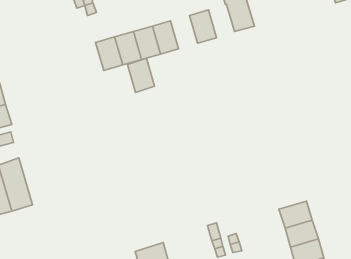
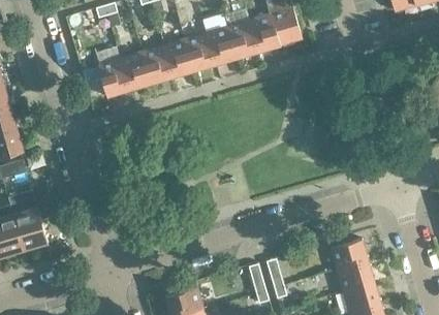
building: none -> [249,13,279,52]
building: none -> [206,26,237,64]
building: [128,58,155,92] -> [98,57,129,96]

